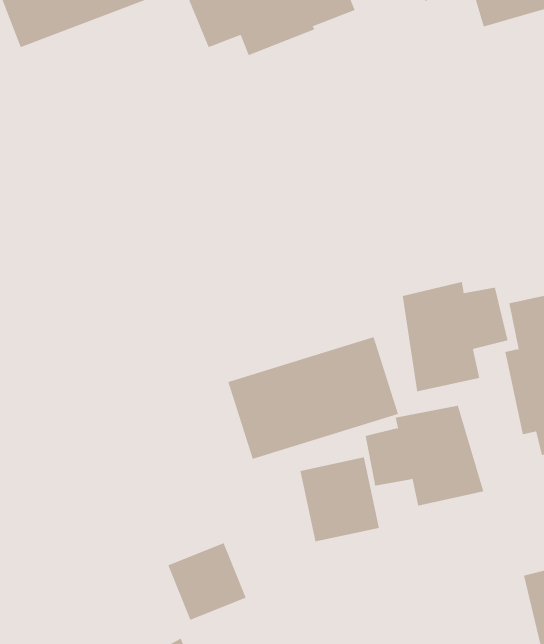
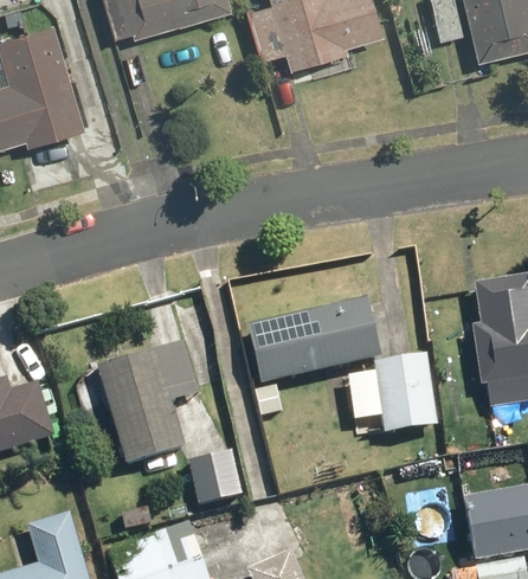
building: [402,281,508,392] -> none
building: none -> [97,340,199,462]
building: [300,457,379,542] -> none

